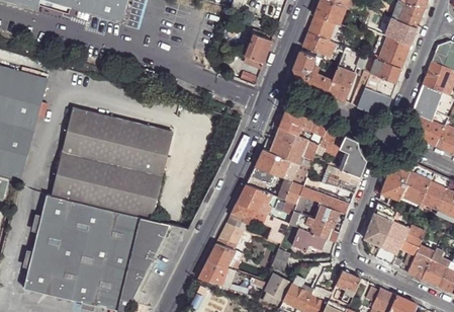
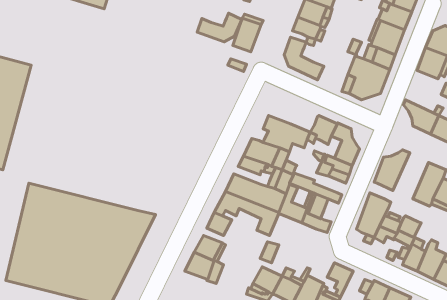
building: none -> [197,13,242,42]
building: [326,67,354,100] -> none
building: [411,84,442,122] -> none
building: [52,107,173,220] -> none
building: [278,108,327,137] -> none
building: [398,164,433,209] -> none
building: [291,227,325,250] -> none

